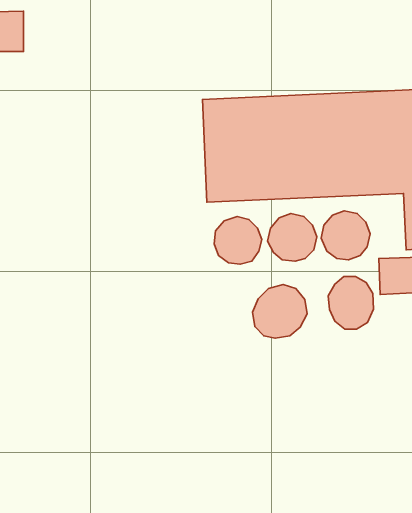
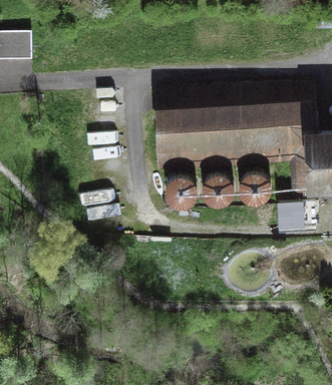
building: [328,277,373,329] -> none
building: [252,284,307,338] -> none

